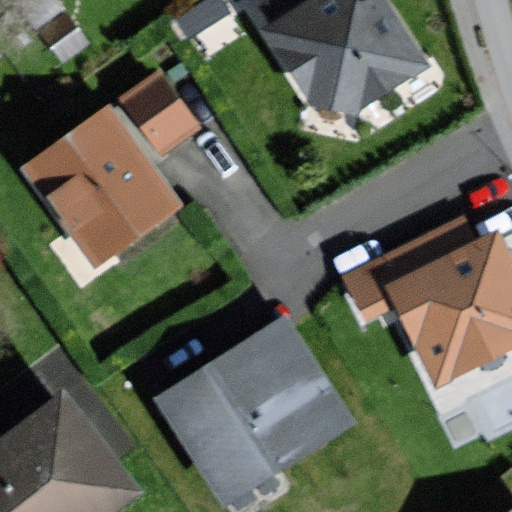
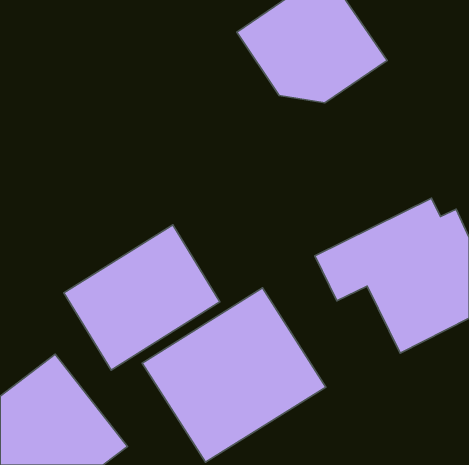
building: [23,75,199,269] -> none
building: none -> [64,225,220,370]

